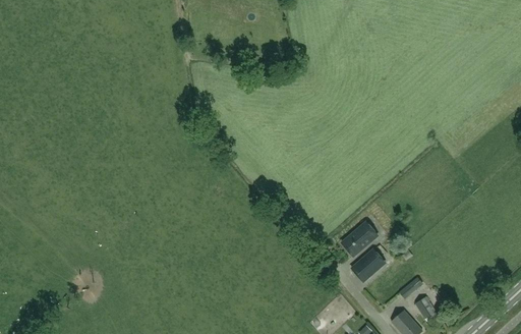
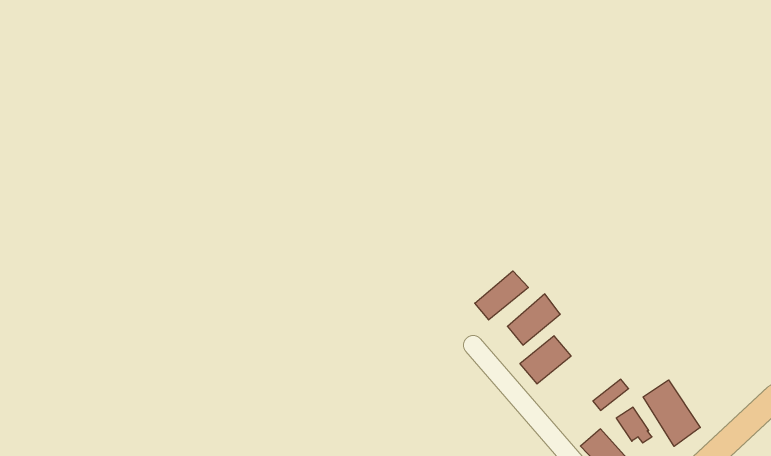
building: none -> [475,271,528,320]
building: none -> [643,380,700,446]

